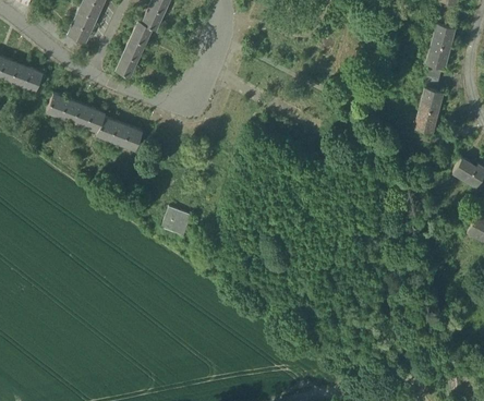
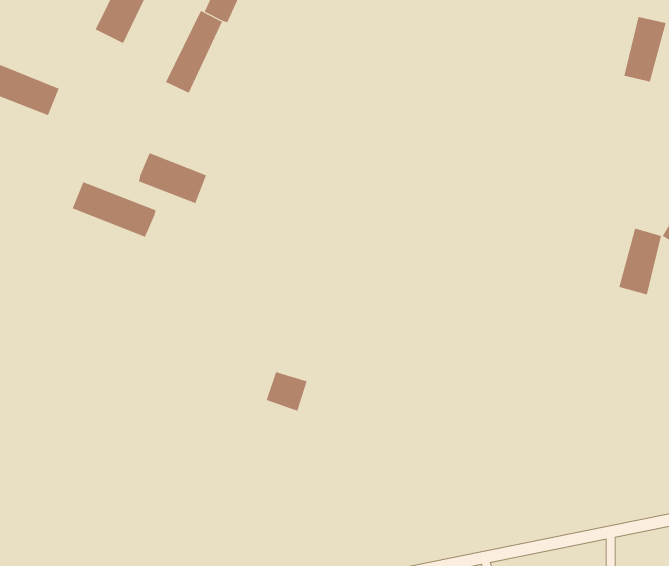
building: [413,87,443,133] -> [619,228,662,295]
building: [47,94,105,132] -> [72,181,157,237]
building: [161,207,190,234] -> [266,371,307,411]

